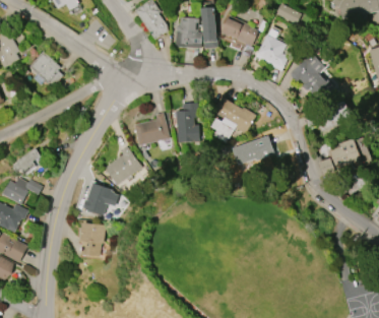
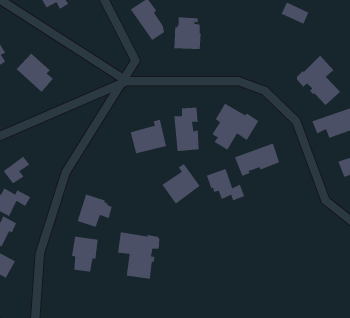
building: [200,7,217,49] -> none
building: [220,16,257,47] -> none
building: [255,35,288,71] -> none
building: [105,146,141,185] -> [161,163,201,204]
building: none -> [206,168,245,201]
building: none -> [117,231,160,279]

